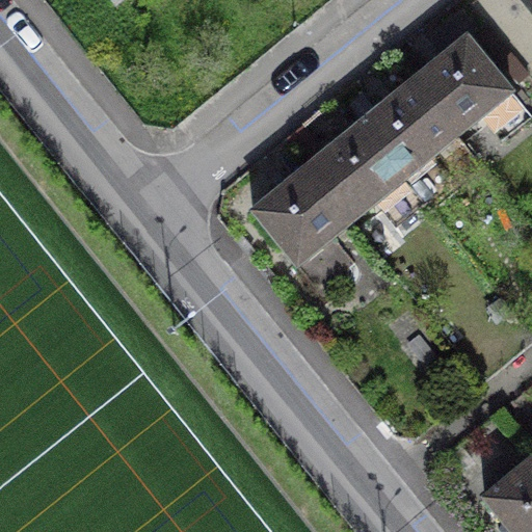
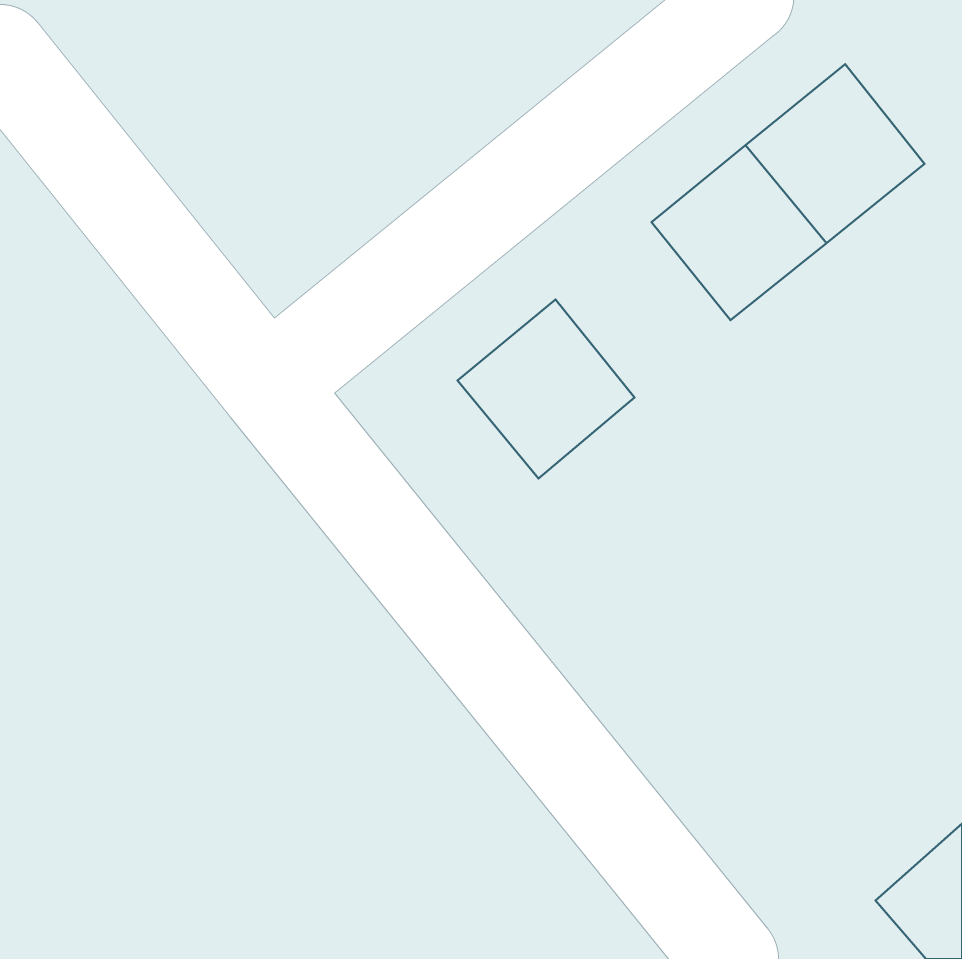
building: [307,123,403,219] -> none

